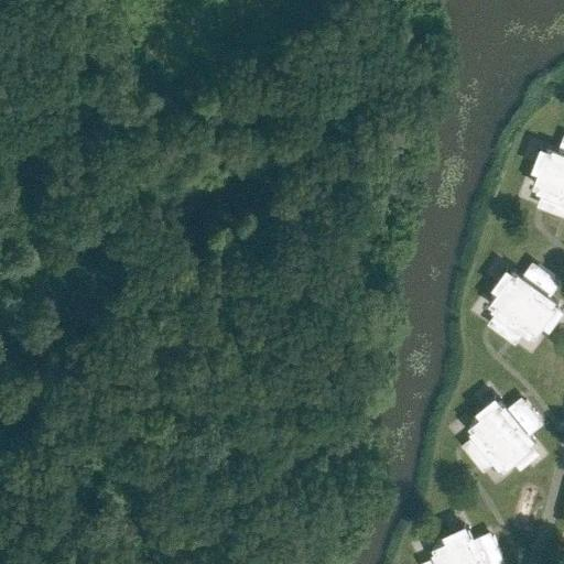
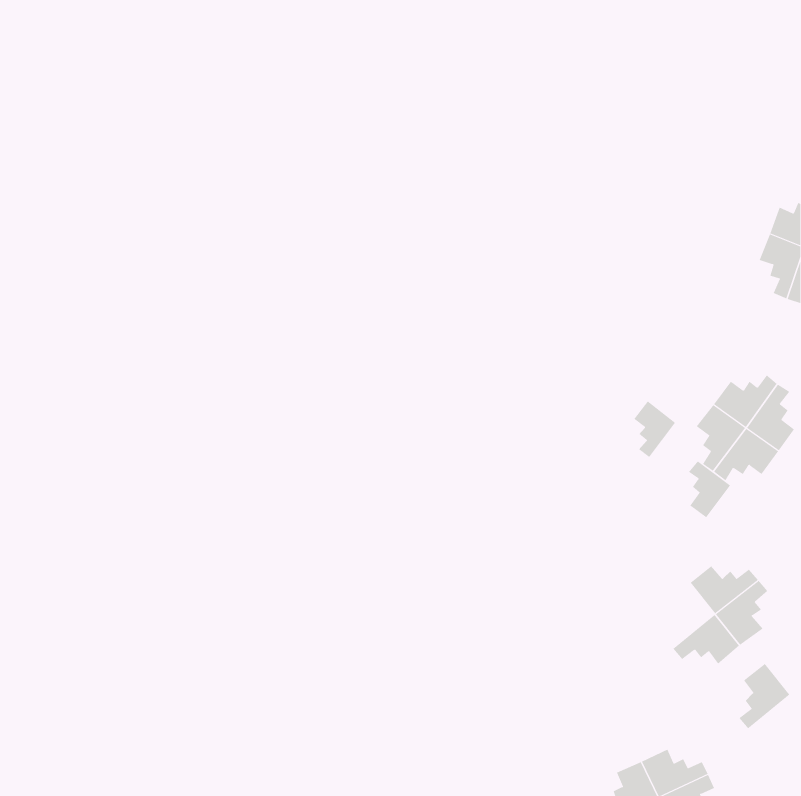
building: none -> [633,400,676,458]
building: none -> [688,460,731,518]
building: [466,413,502,459] -> [738,663,790,729]

